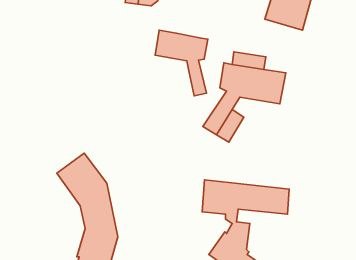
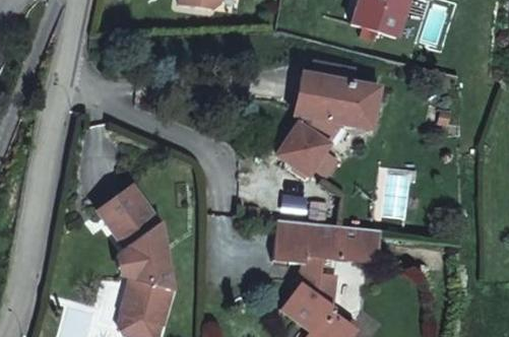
building: [155,30,208,96] -> none

